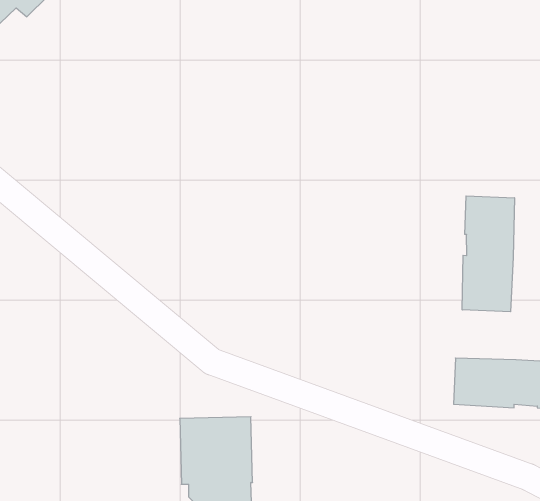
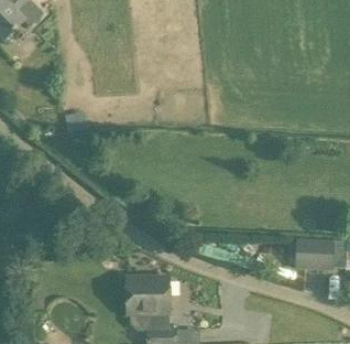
building: [462,196,514,312] -> none

